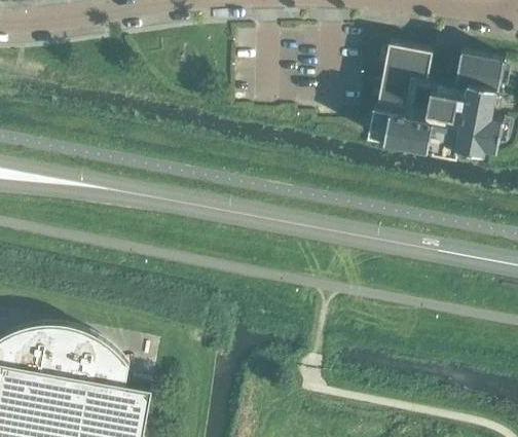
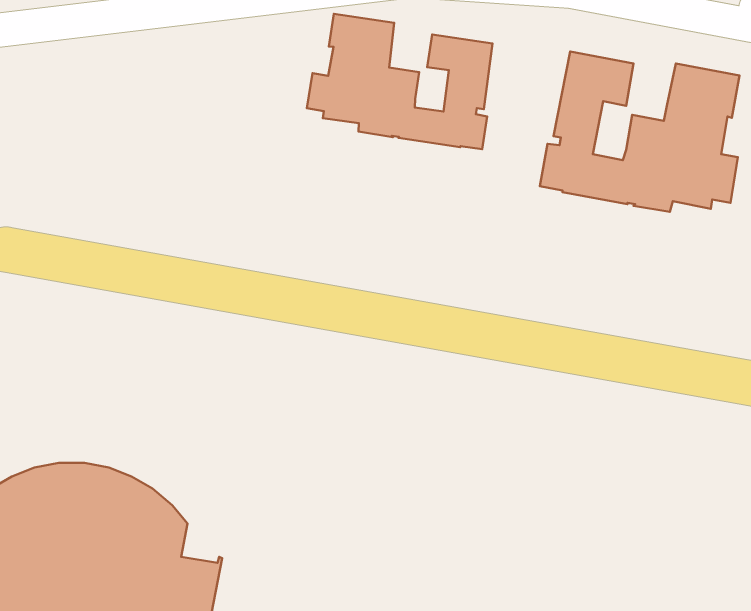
building: none -> [307,14,492,149]

